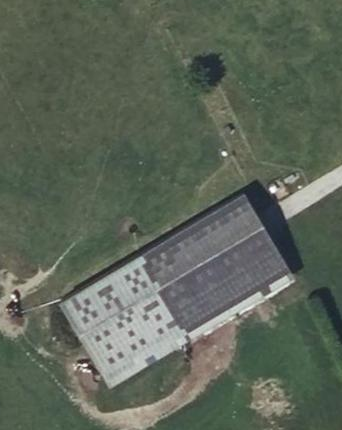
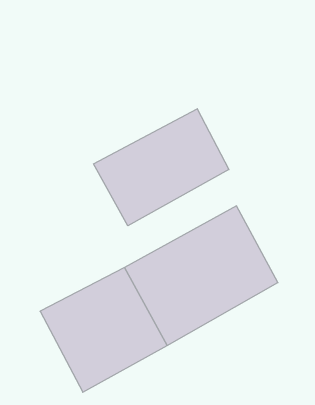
building: none -> [94,109,229,226]

